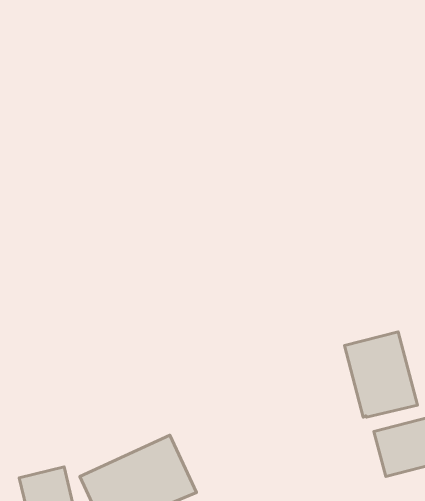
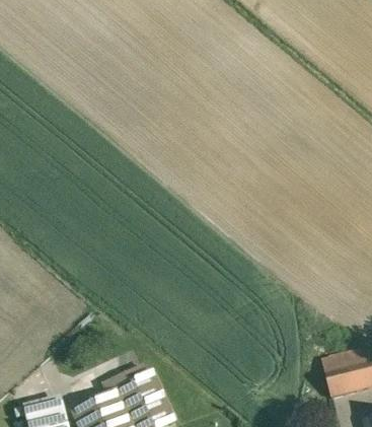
building: [345,332,418,417] -> none

